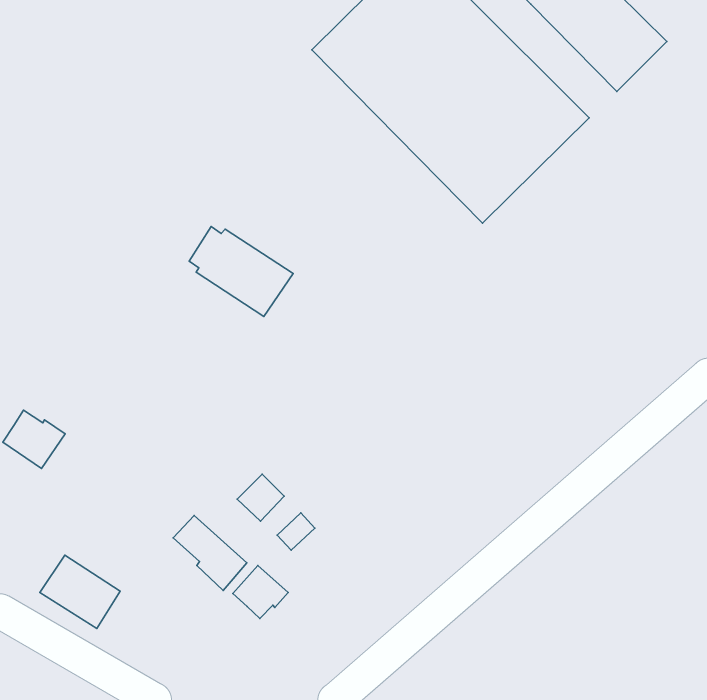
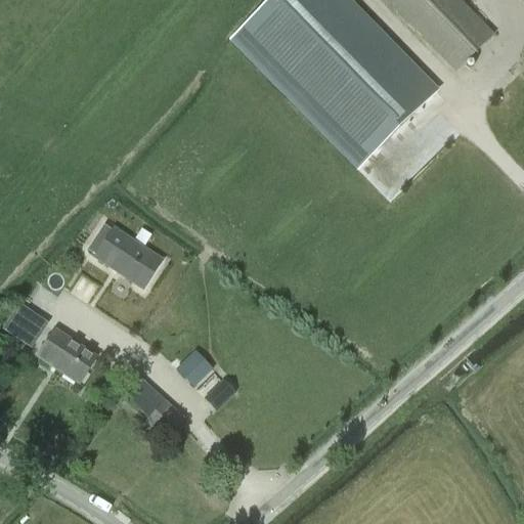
building: [189,226,293,317] -> [87,221,164,288]
building: [40,555,120,628] -> [38,325,97,380]
building: [233,565,288,619] -> none

